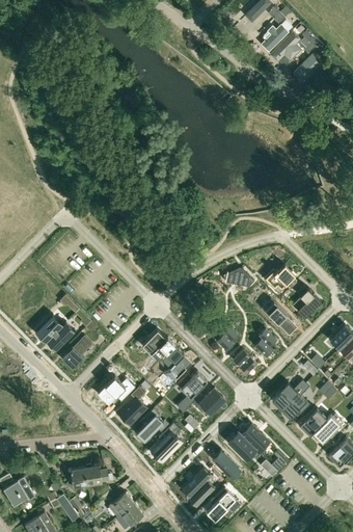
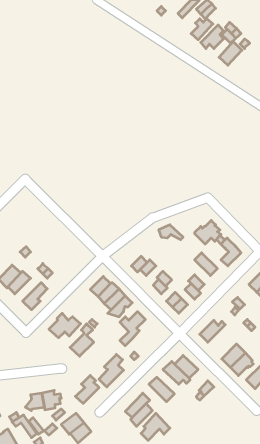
building: [281,388,310,417] -> none
building: [193,389,225,413] -> none
building: [136,408,164,442] -> [75,375,99,403]

